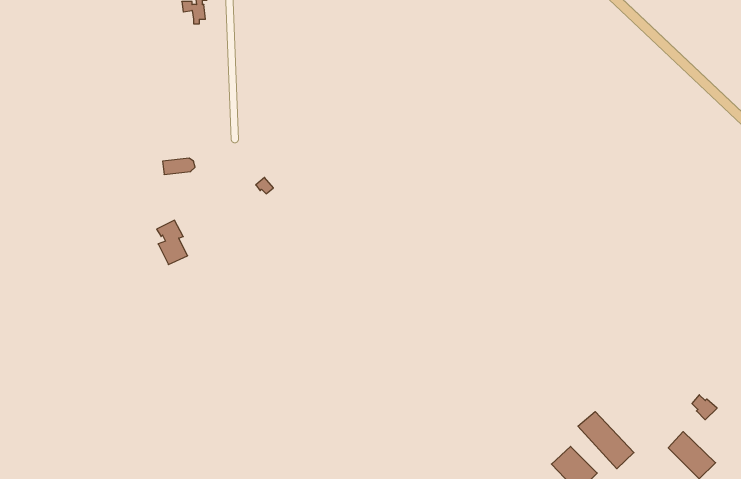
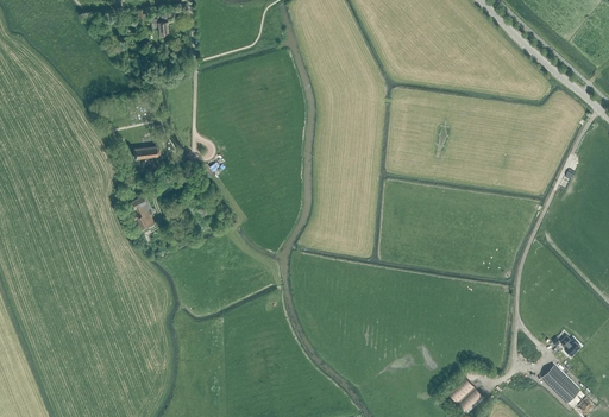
building: [578,412,634,469] -> none

